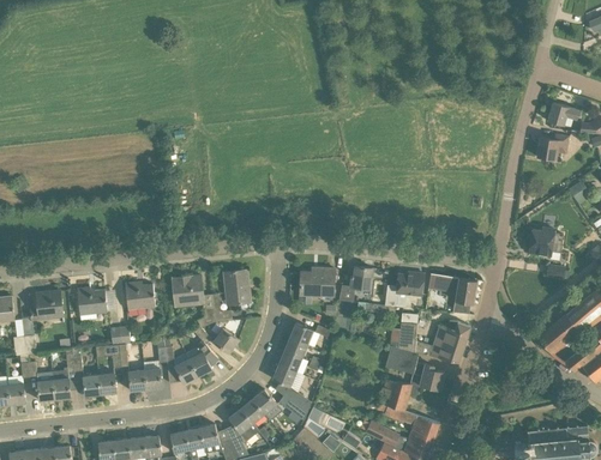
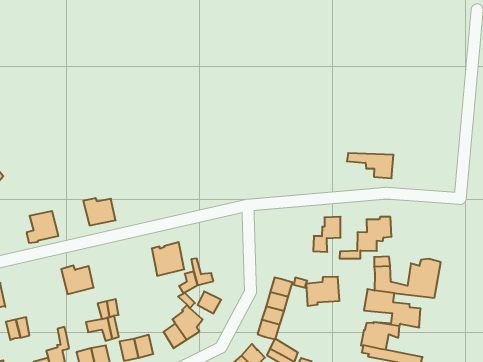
building: [299,267,333,295] -> [306,277,339,306]
building: [222,270,250,304] -> none
building: [427,273,476,304] -> [347,153,394,178]
building: [124,282,155,309] -> [83,198,116,225]
building: [30,290,62,320] -> [27,211,58,243]

